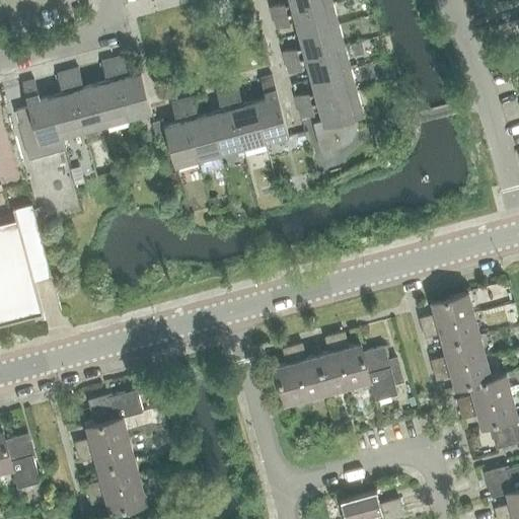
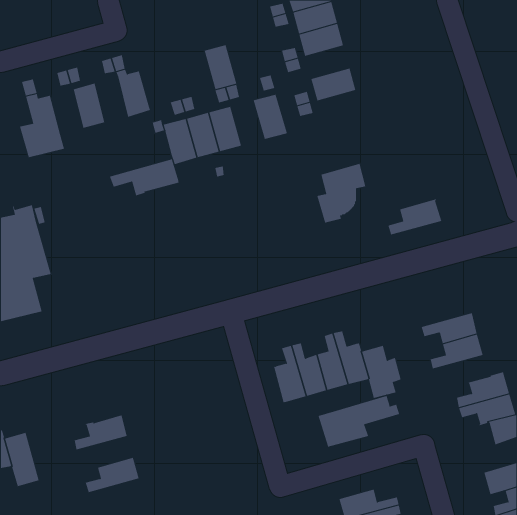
building: [305,48,351,81] -> none
building: [95,79,128,125] -> none
building: [51,91,83,137] -> none
building: [313,92,363,152] -> [317,163,366,223]
building: [231,102,265,148] -> [204,44,237,90]
building: none -> [109,158,179,197]
building: [419,293,473,329] -> [387,199,442,235]
building: [433,358,491,390] -> none
building: [88,390,142,426] -> none
building: none -> [318,395,400,448]
building: [76,439,134,470] -> none
building: [88,481,146,514] -> none

